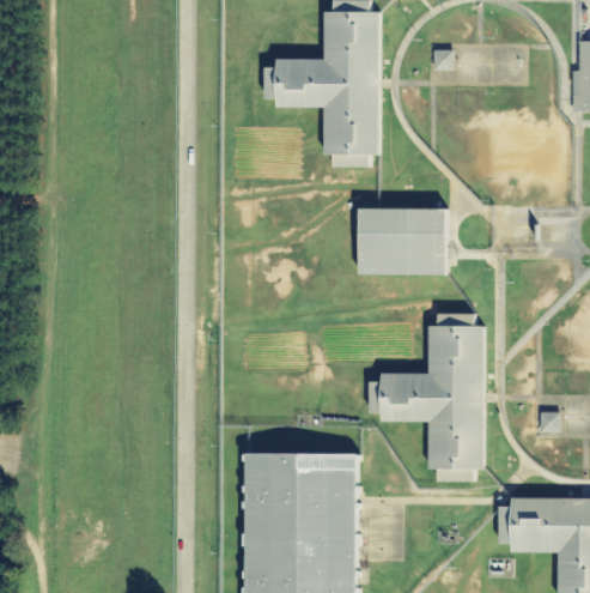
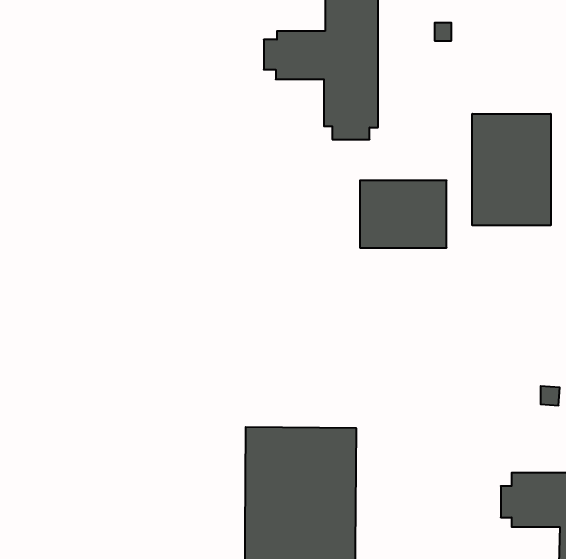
building: none -> [472,114,551,225]
building: [370,313,483,482] -> none

